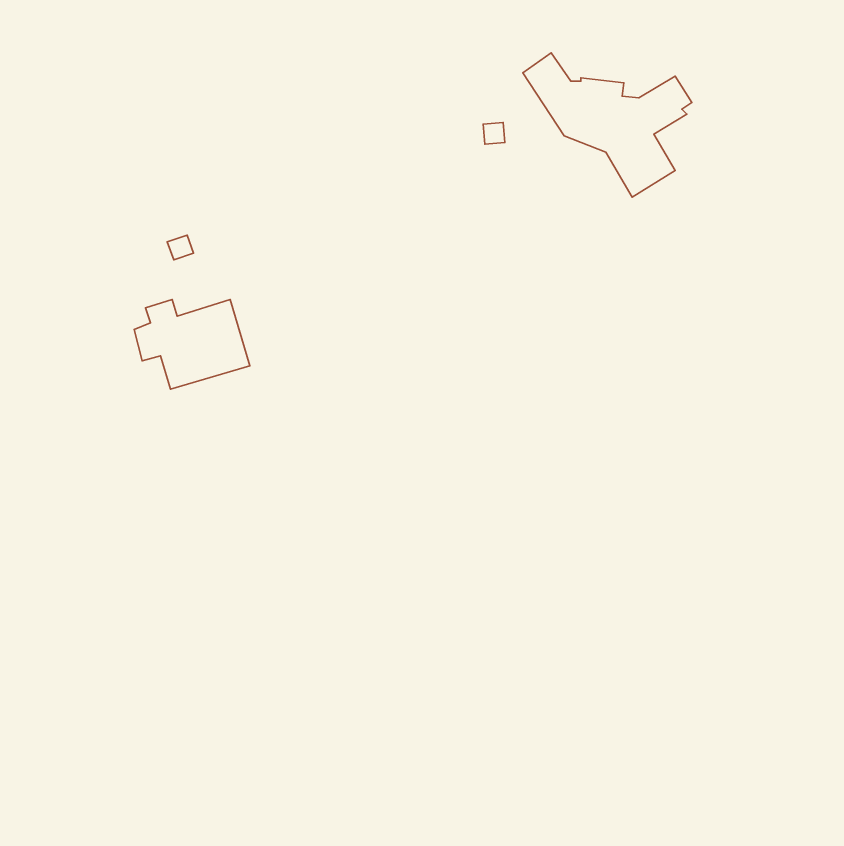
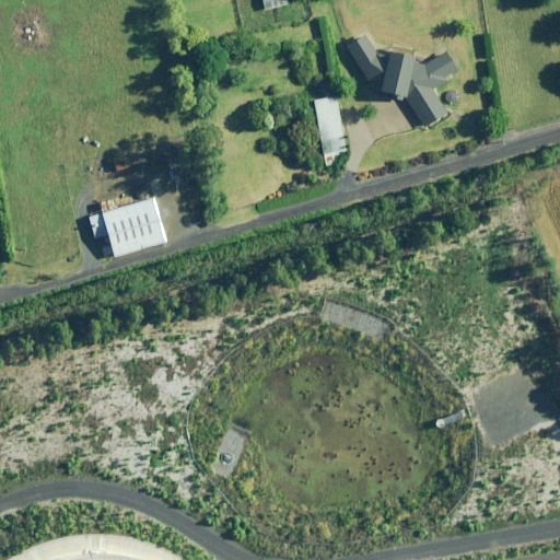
building: none -> [315,97,345,154]

